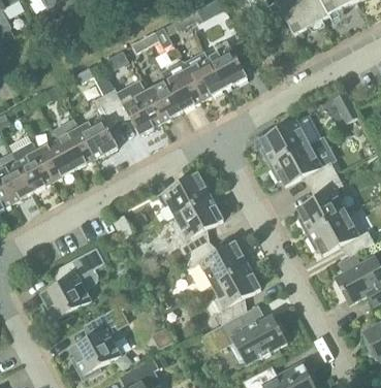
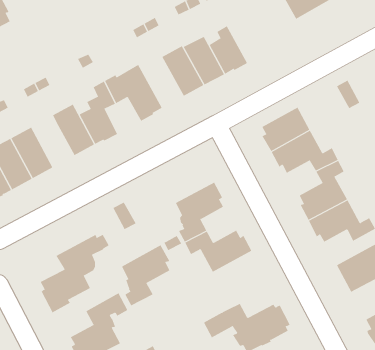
building: [138,70,183,121] -> none
building: [32,138,74,180] -> none
building: [158,172,214,215] -> none
building: [212,262,260,323] -> [121,245,170,306]

